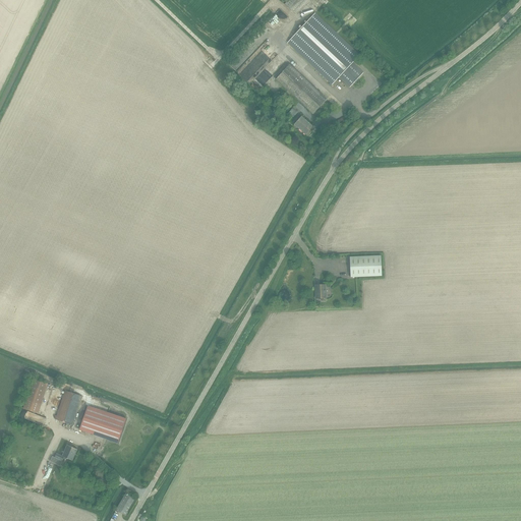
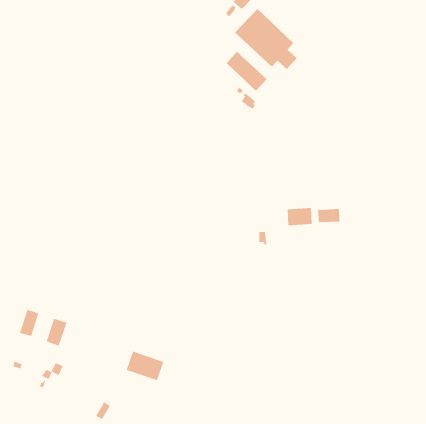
building: none -> [317,208,340,223]
building: [79,404,126,441] -> [126,351,164,381]

